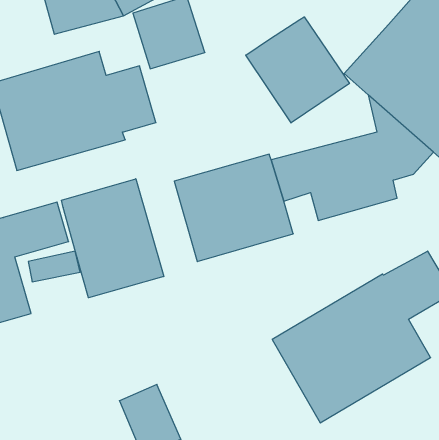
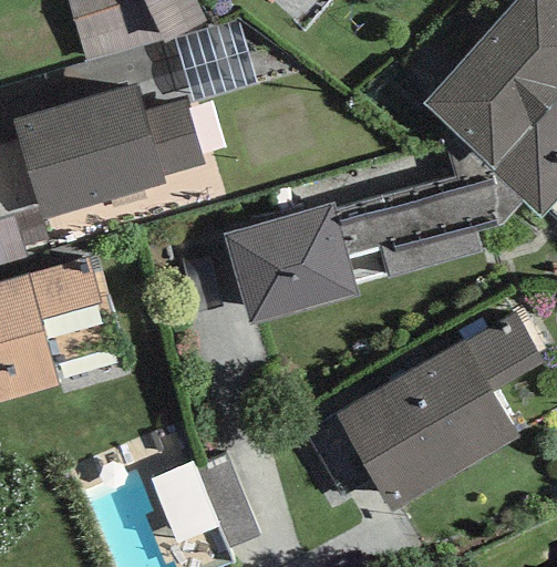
building: [246,17,349,123] -> none
building: [61,179,164,298] -> none

